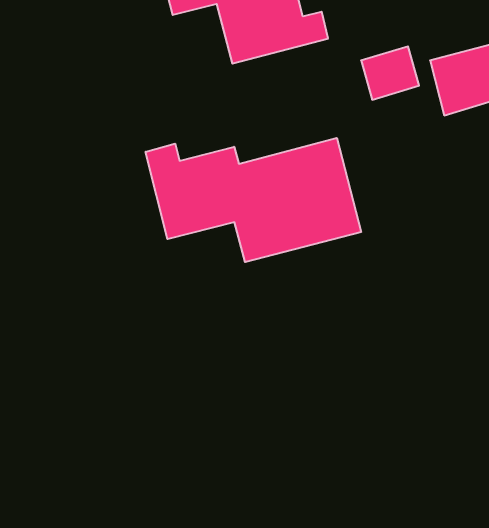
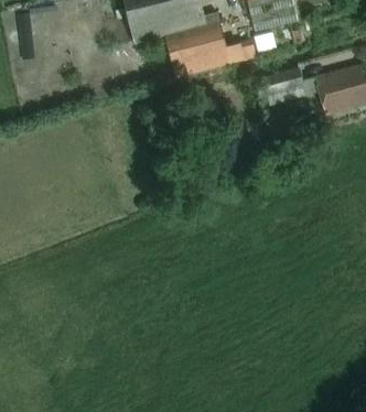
building: [146,138,361,262] -> none

